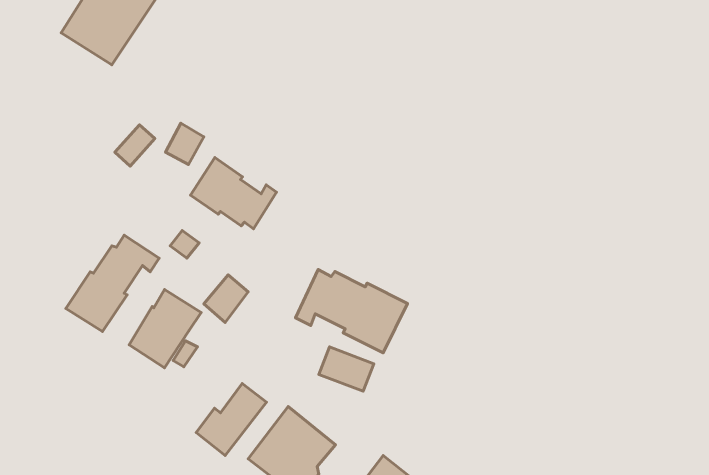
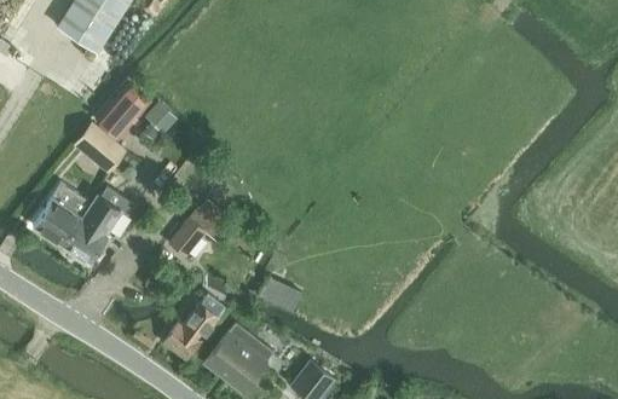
building: none -> [76,126,122,170]
building: [190,158,276,229] -> none
building: [296,269,407,353] -> none
building: [129,290,201,368] -> [33,184,89,245]

